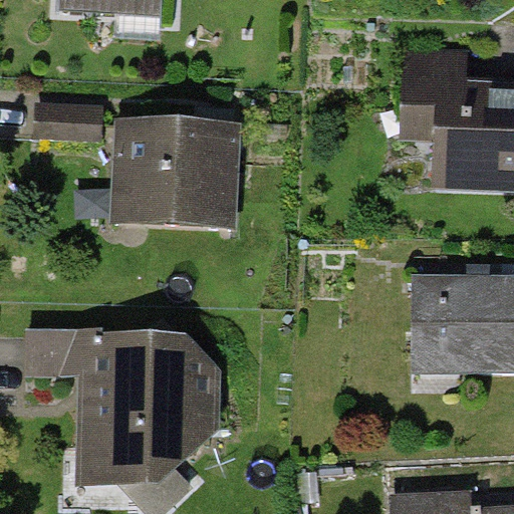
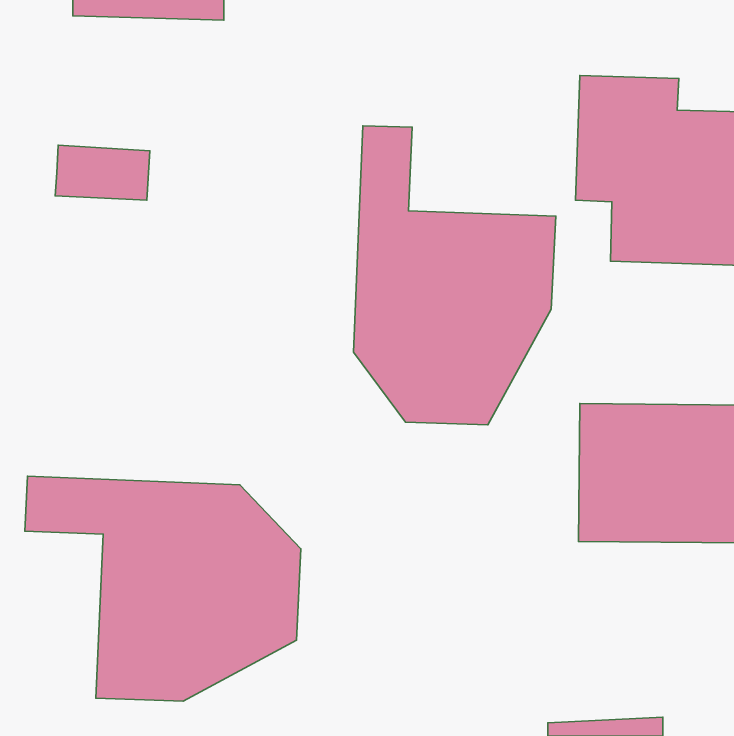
building: none -> [353,126,556,425]
building: [124,118,244,224] -> none

